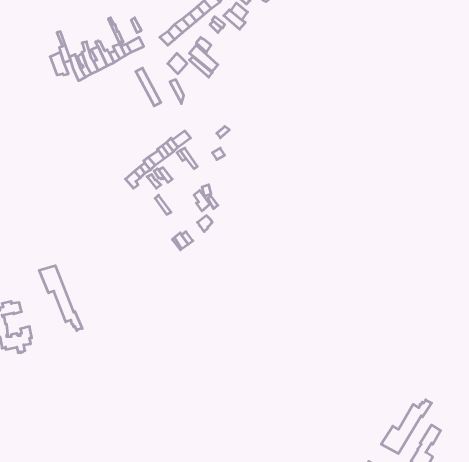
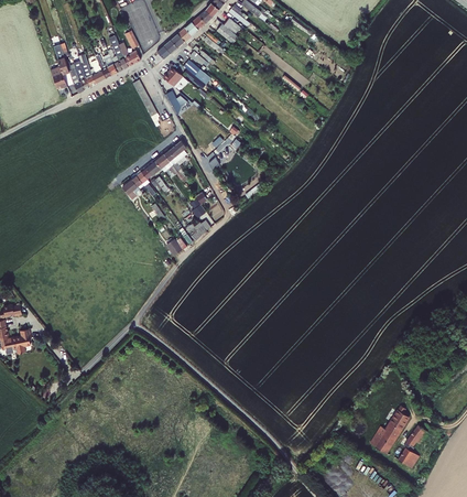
building: [39,266,82,331] -> none

